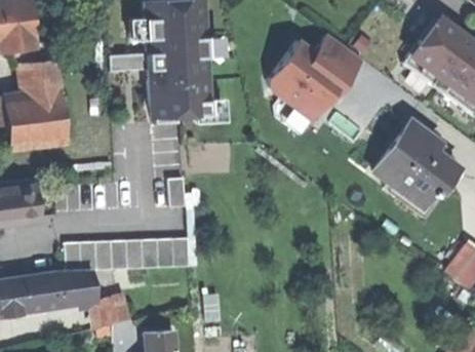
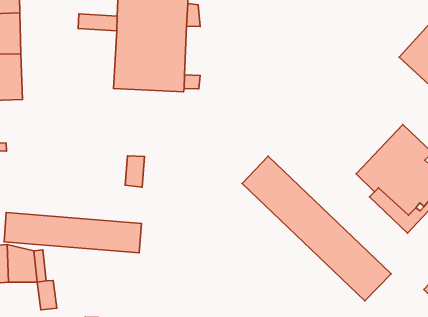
building: [266,33,360,120] -> none
building: none -> [242,156,391,301]

